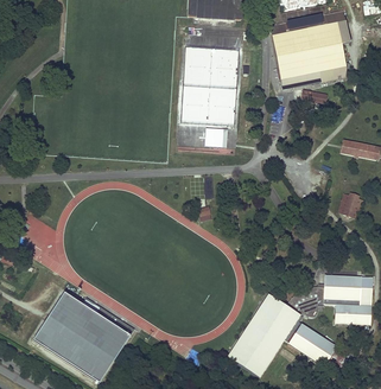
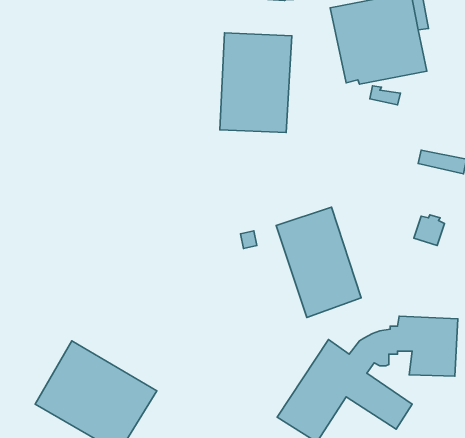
building: none -> [276,207,361,318]

